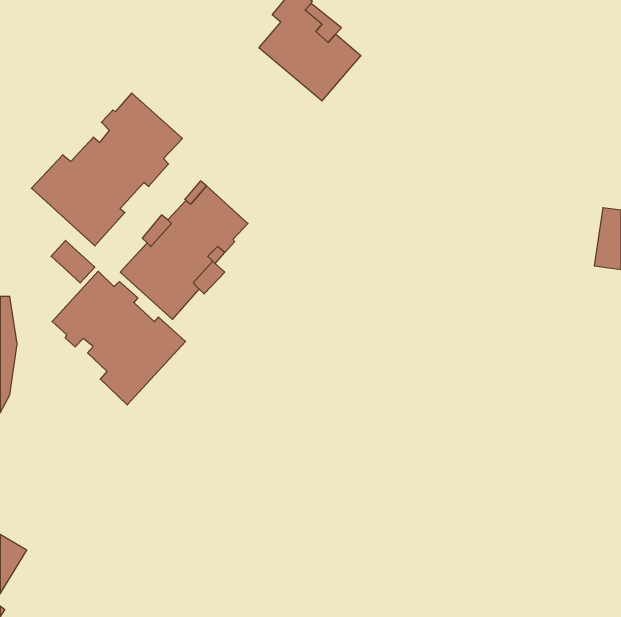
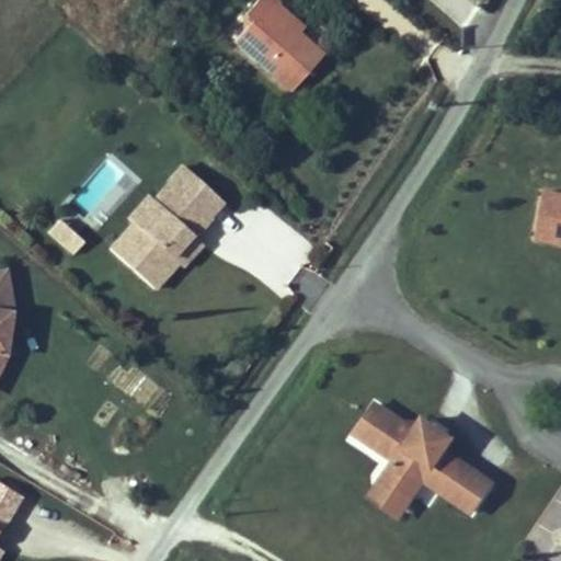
building: [31,93,182,246] -> none
building: [52,271,186,405] -> none
building: none -> [351,400,495,519]

